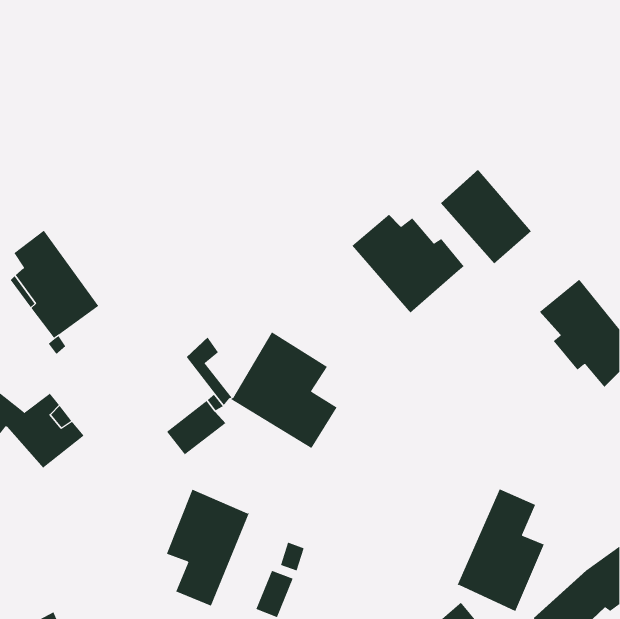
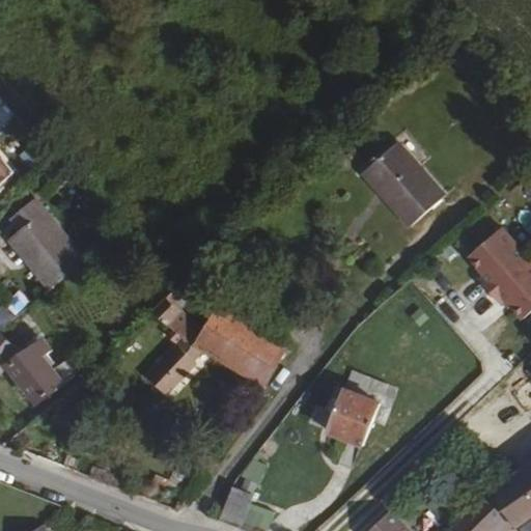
building: [351,214,465,313] -> none
building: none -> [326,394,380,450]
building: [456,489,545,612] -> none
building: [166,489,250,606] -> none

